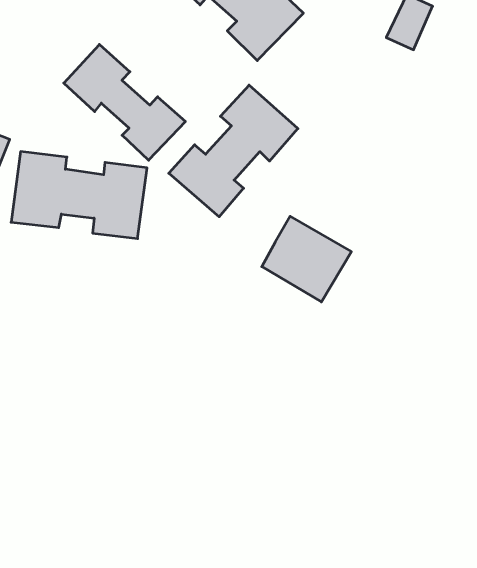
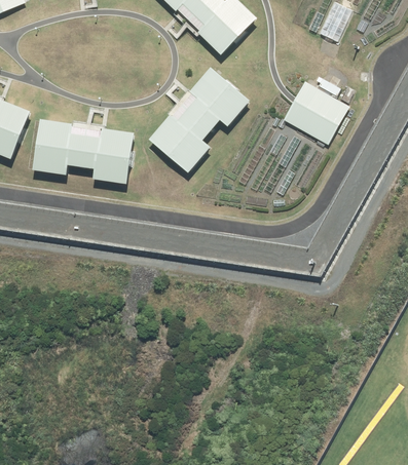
building: [64,44,185,160] -> none
building: [262,216,351,302] -> [281,80,348,145]

